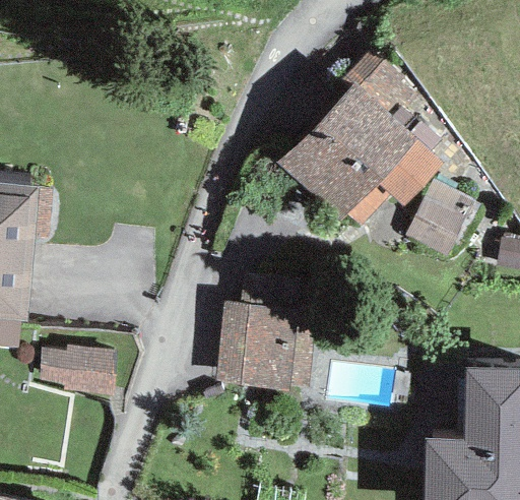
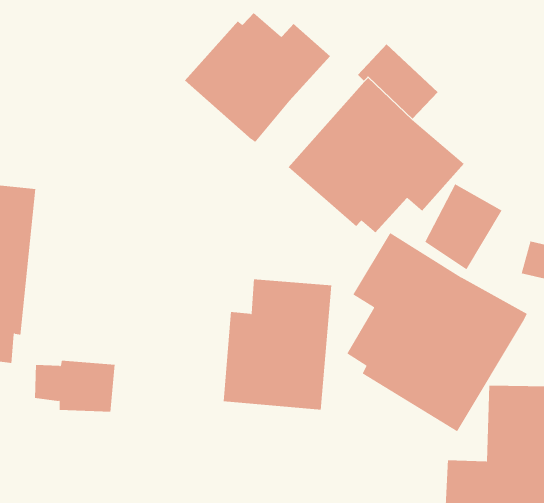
building: none -> [184,12,331,143]
building: none -> [346,232,528,432]

